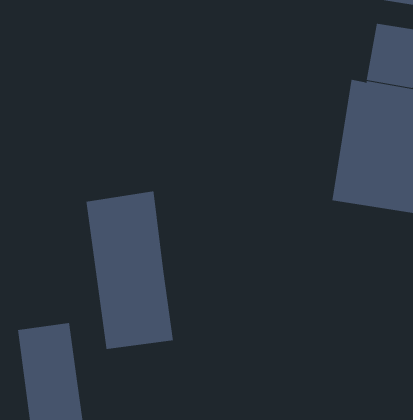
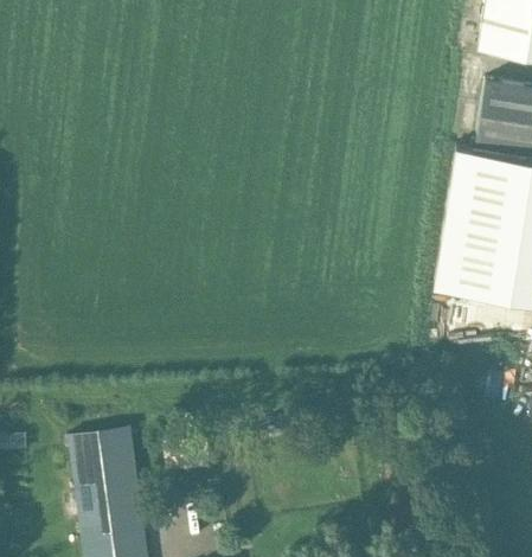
building: [86,191,173,350] -> none

